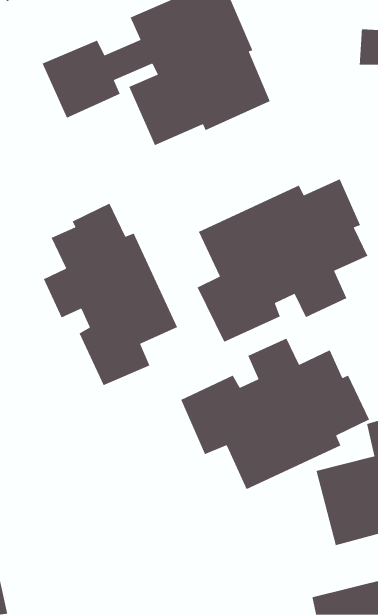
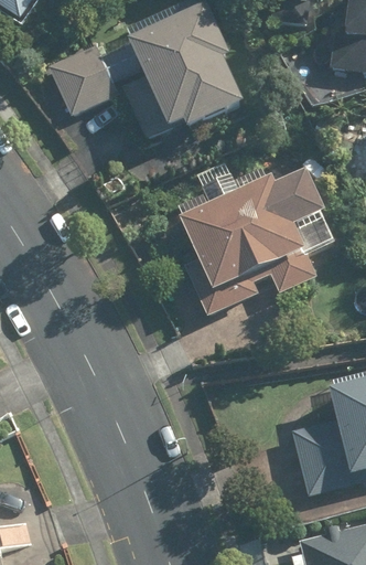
building: [43,203,178,386] -> none
building: [180,337,370,490] -> none

